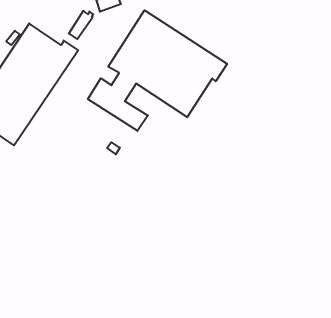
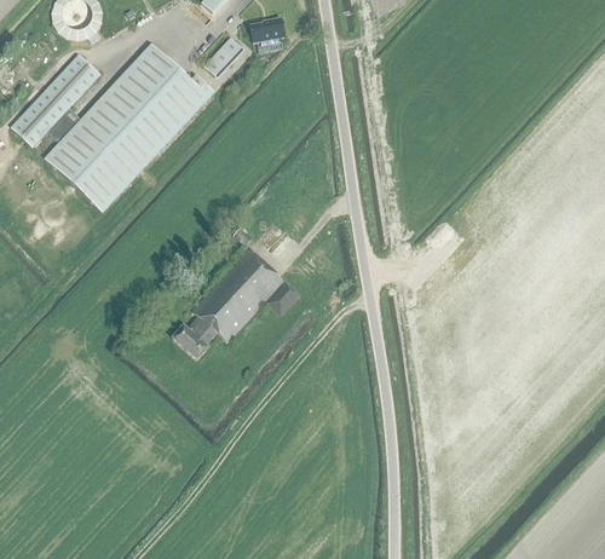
building: [88,10,227,131] -> none
building: none -> [172,247,299,358]

